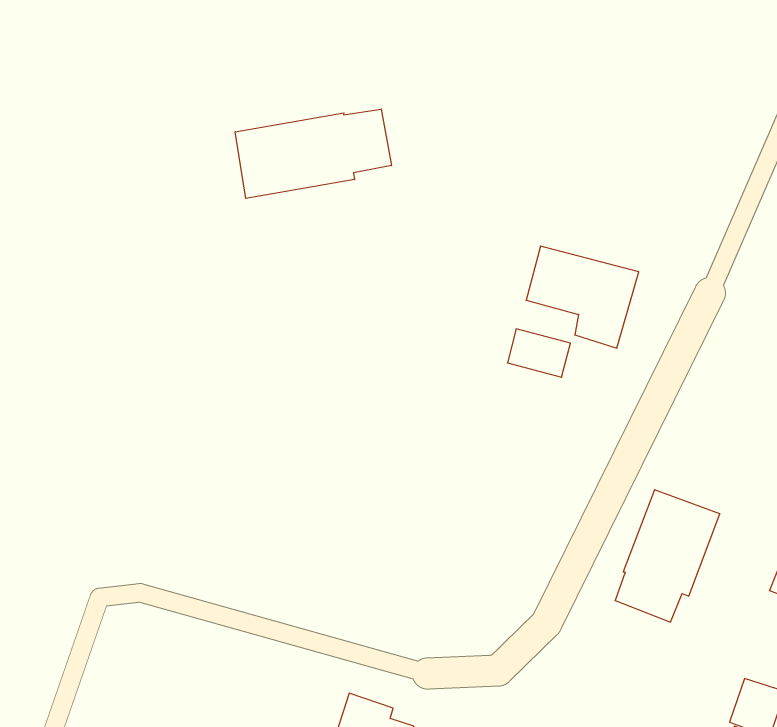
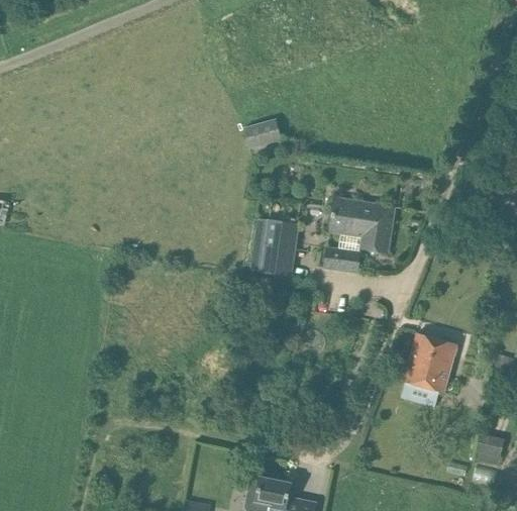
building: none -> [242,119,281,149]
building: [235,109,391,198] -> none
building: none -> [260,220,299,278]

